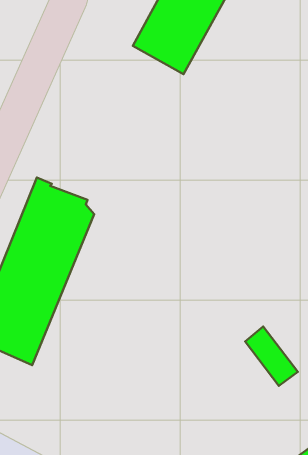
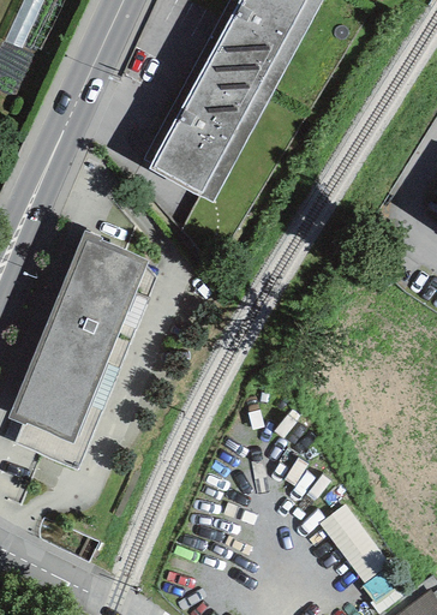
building: none -> [145,62,269,204]
building: [245,327,298,386] -> [321,497,388,573]

